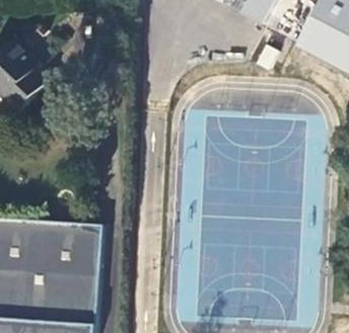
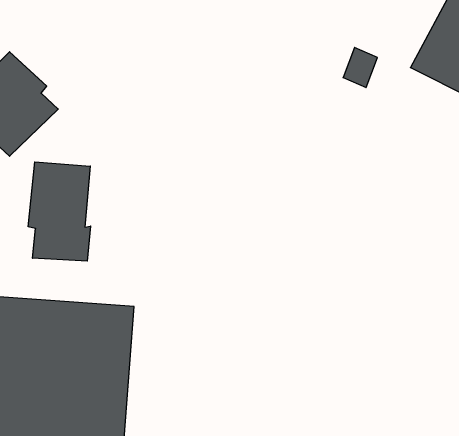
building: none -> [28,162,91,261]

